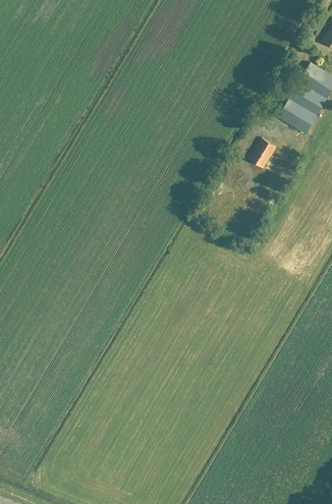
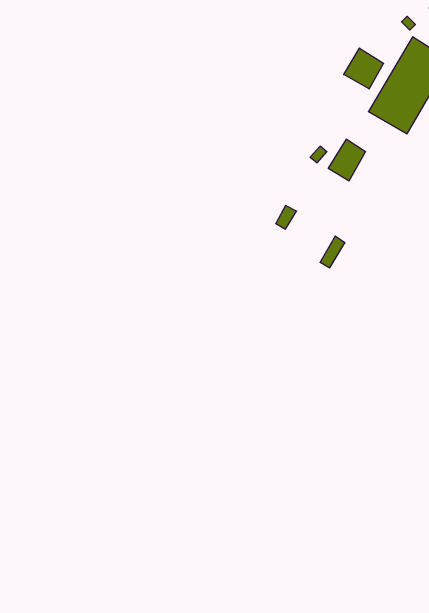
building: none -> [344,48,384,89]

